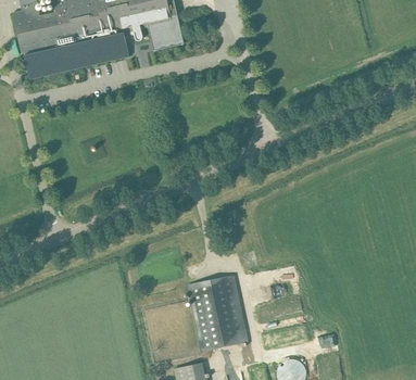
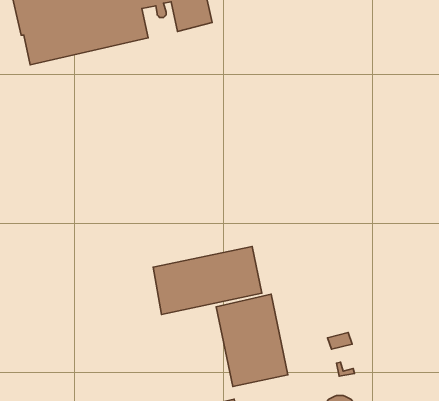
building: none -> [153,246,262,314]

